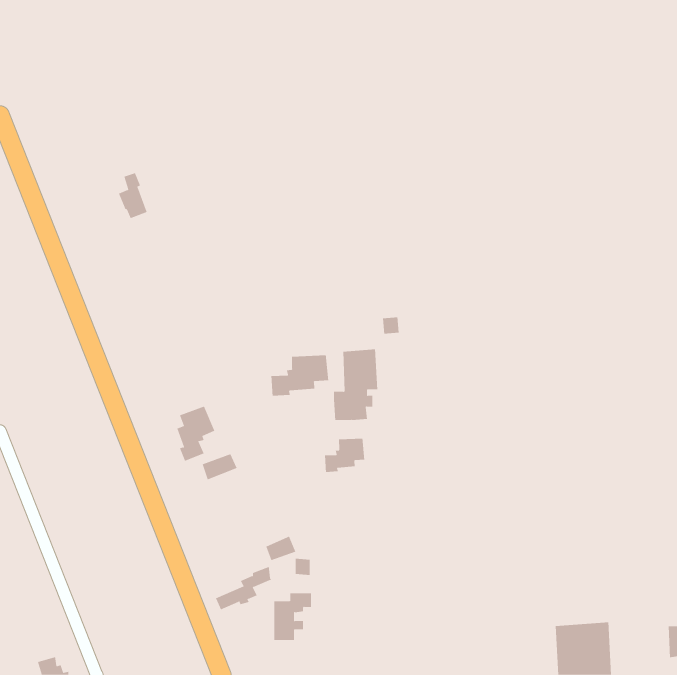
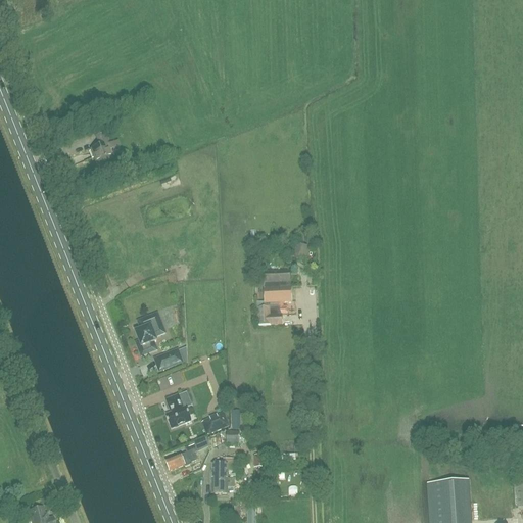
building: [271,355,329,397] -> none
building: [324,438,365,473] -> none
building: none -> [167,394,192,428]

